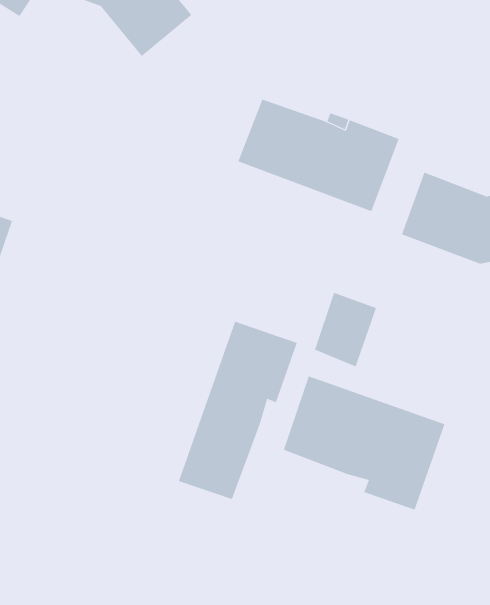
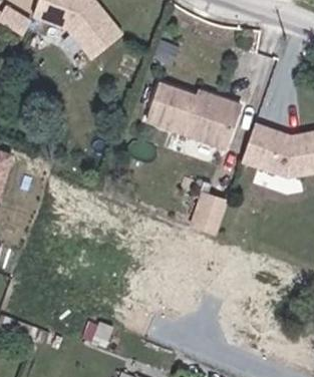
building: [178,321,297,500] -> none
building: [283,376,445,510] -> none

